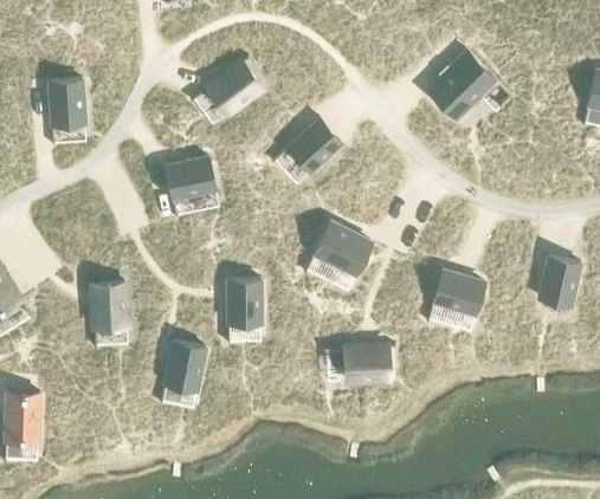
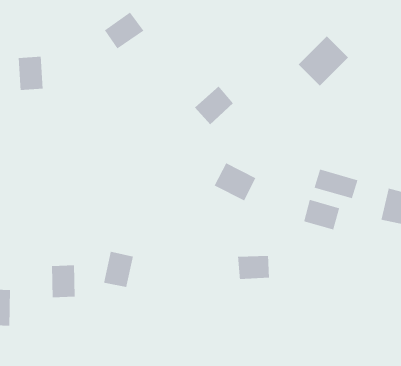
building: [208,64,263,115] -> [104,12,144,49]
building: [166,160,215,201] -> none
building: none -> [313,168,359,199]
building: [228,281,262,325] -> none
building: [93,285,127,330] -> [51,265,76,298]

